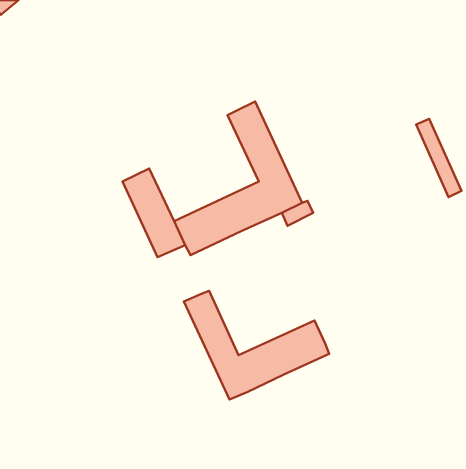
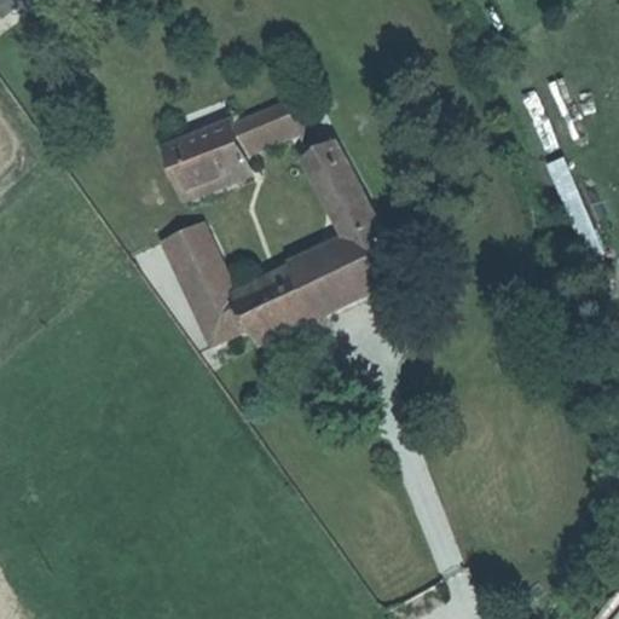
building: none -> [161,104,308,192]
building: [184,291,329,400] -> none

